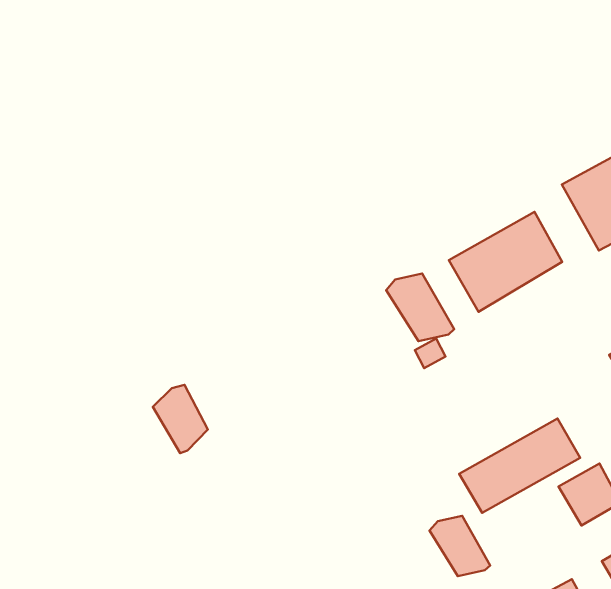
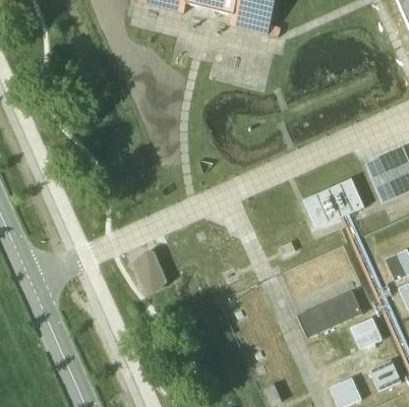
building: [386,273,454,341] -> none
building: [430,516,490,576] -> none

